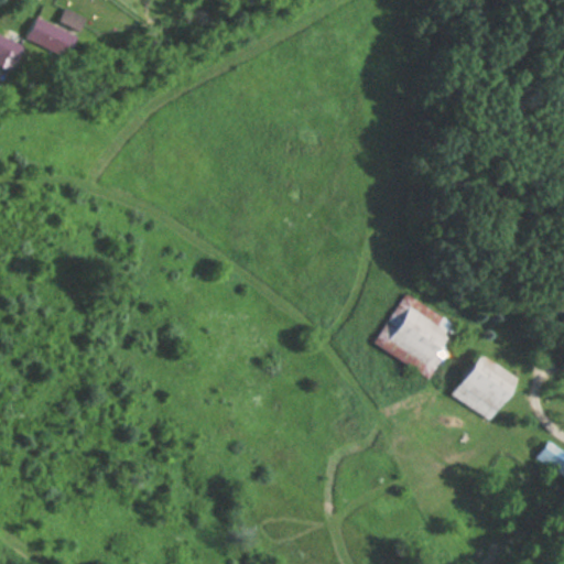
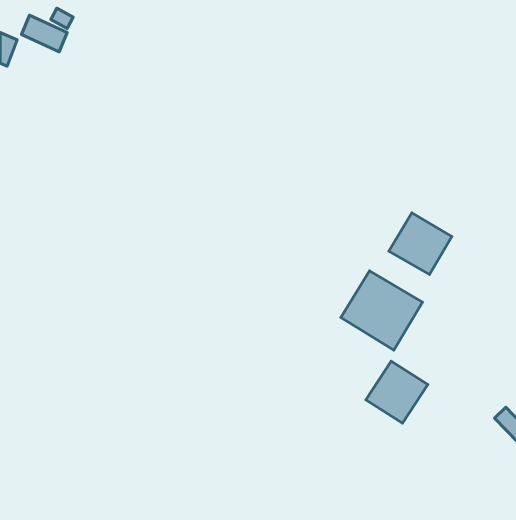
building: none -> [389,213,452,274]
building: [452,354,519,421] -> [366,361,428,423]

